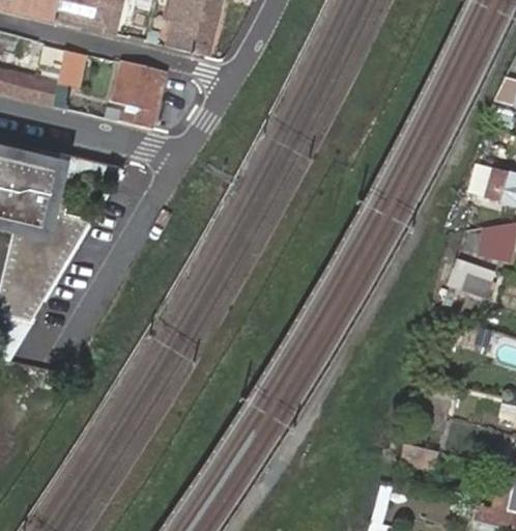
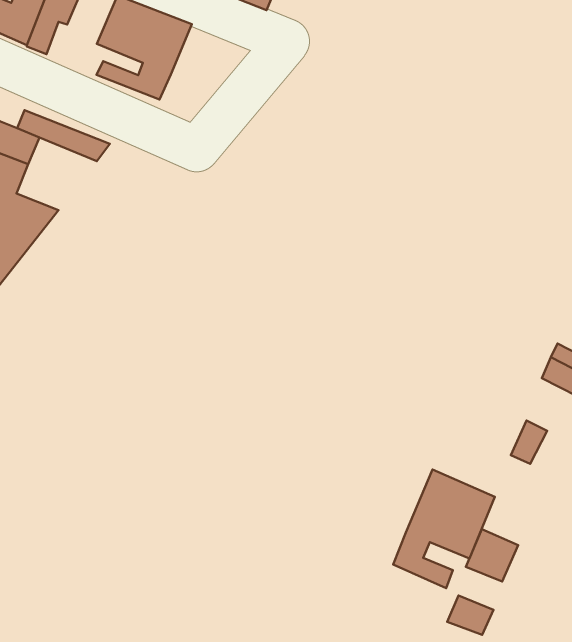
building: none -> [393,470,495,588]

